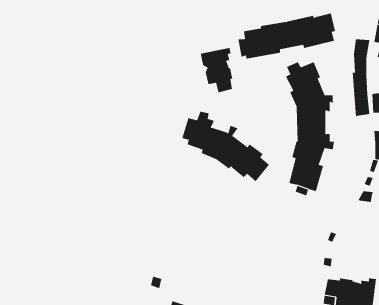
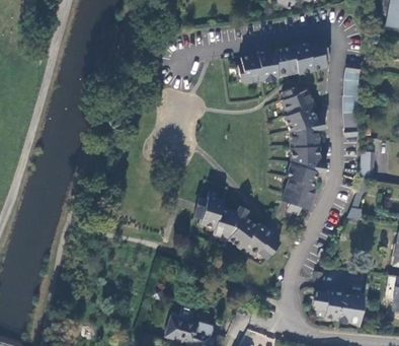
building: [200,47,233,93] -> none
building: [181,111,270,182] -> [197,192,281,259]

